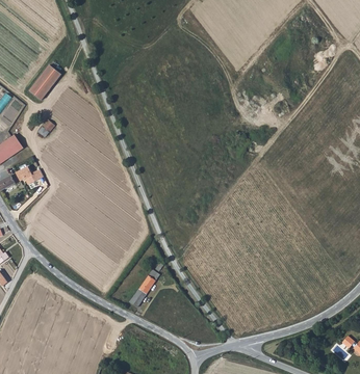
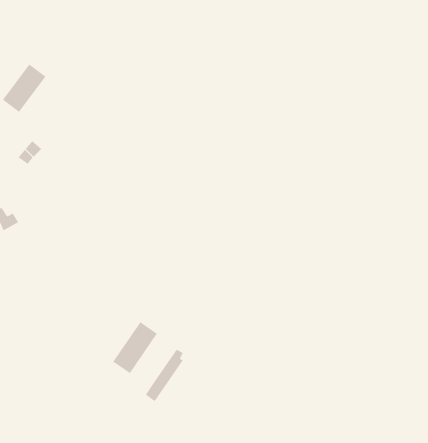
building: none -> [112,321,158,374]

